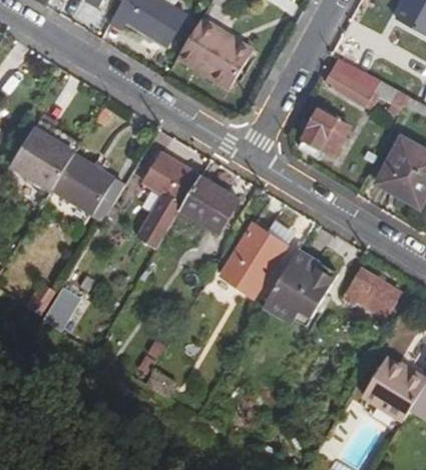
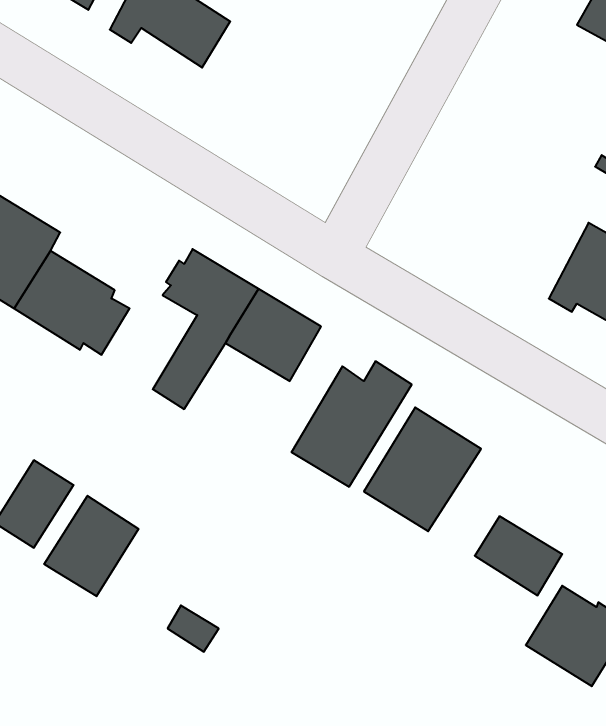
building: [177,18,251,88] -> none
building: [321,58,385,108] -> none
building: [299,109,350,158] -> none
building: [345,270,398,318] -> [475,516,562,595]
building: none -> [44,496,138,596]

